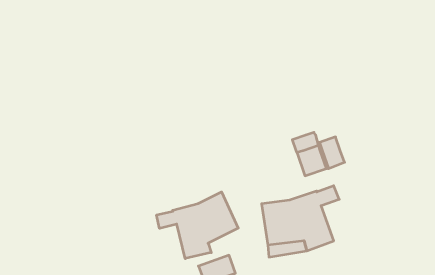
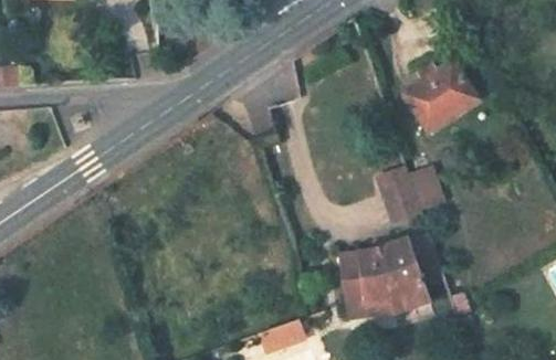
building: none -> [403,63,476,131]
building: [157,192,238,259] -> none

